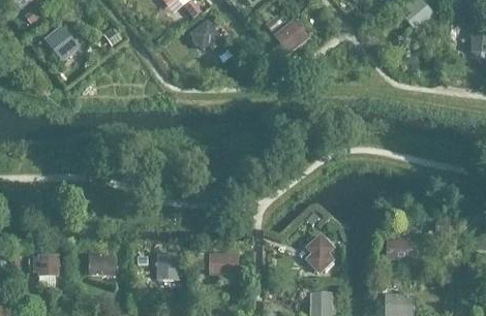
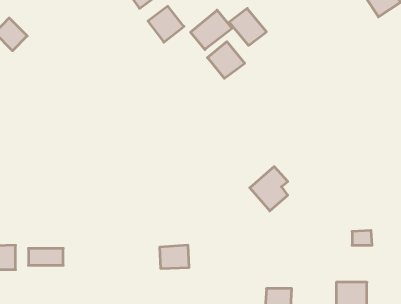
building: none -> [191,10,232,50]
building: none -> [207,42,245,78]
building: [301,232,338,276] -> [250,167,288,211]
building: [160,252,183,279] -> none

